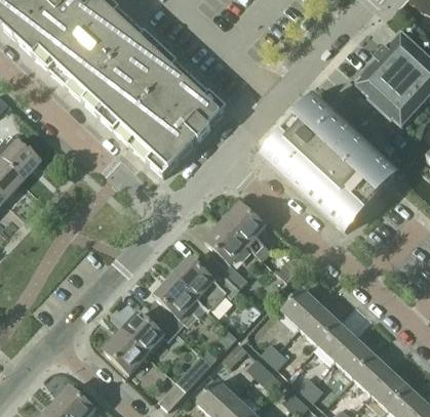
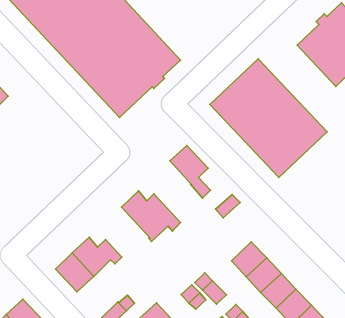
building: [205,220,248,288] -> none
building: [155,276,206,331] -> none
building: [280,288,319,327] -> none

